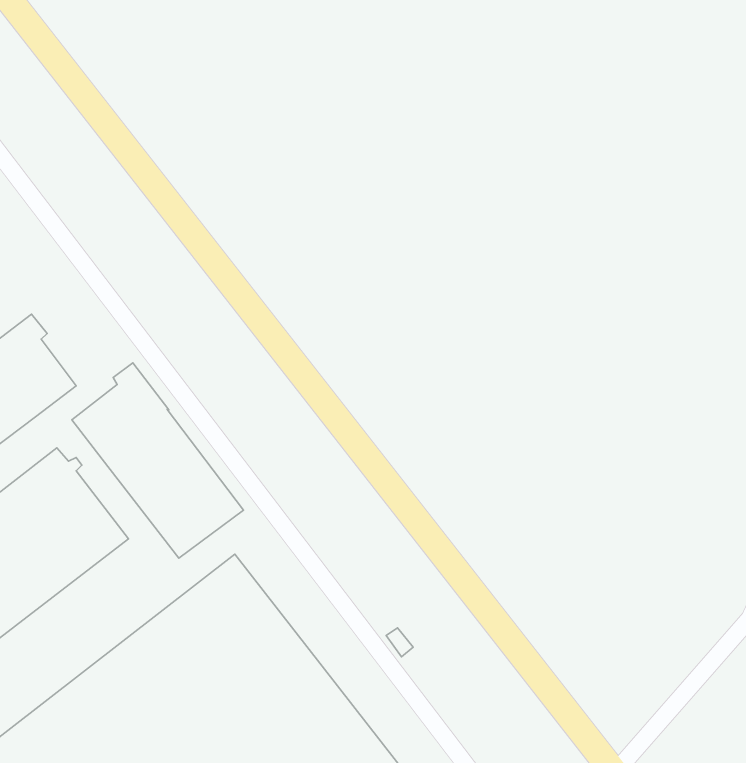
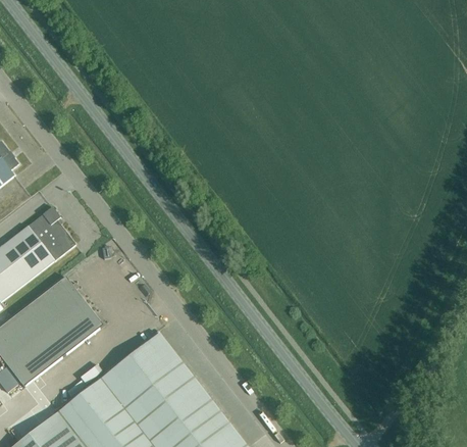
building: [72,363,243,558] -> none

